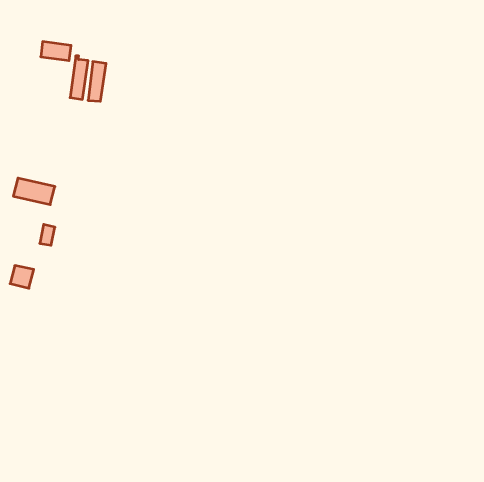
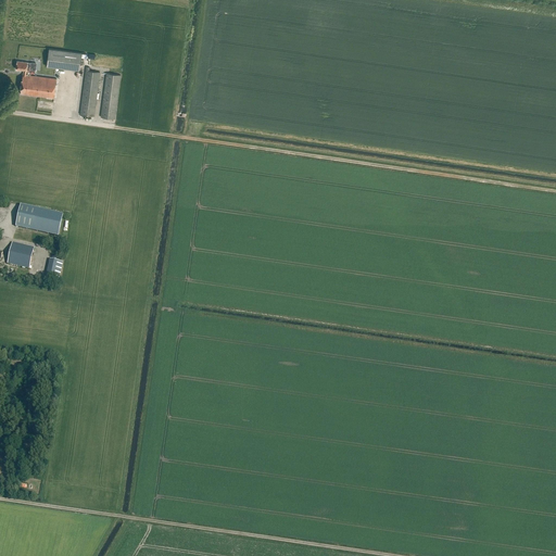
building: none -> [15,60,55,97]
building: [10,266,34,288] -> [7,241,34,267]

